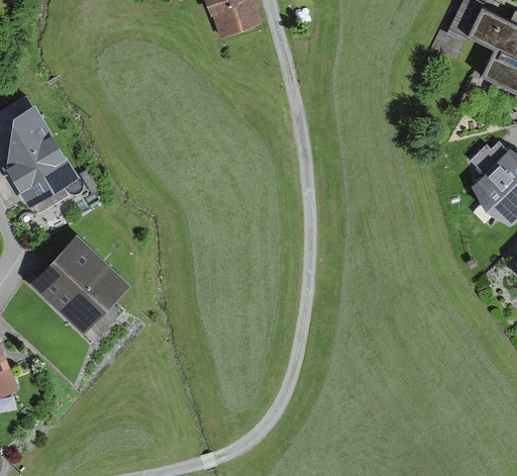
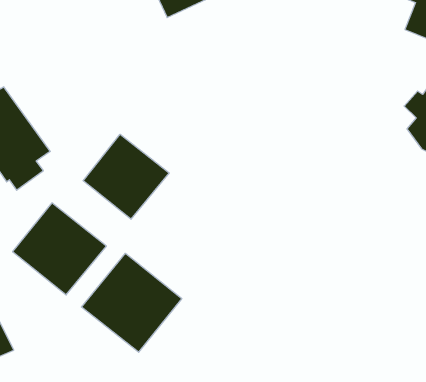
building: none -> [83,134,169,219]
building: none -> [81,253,182,352]

